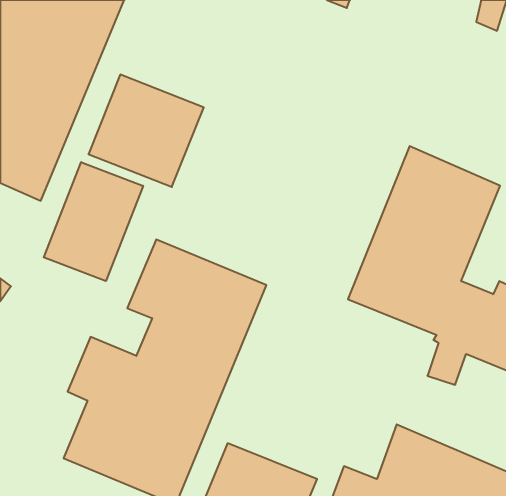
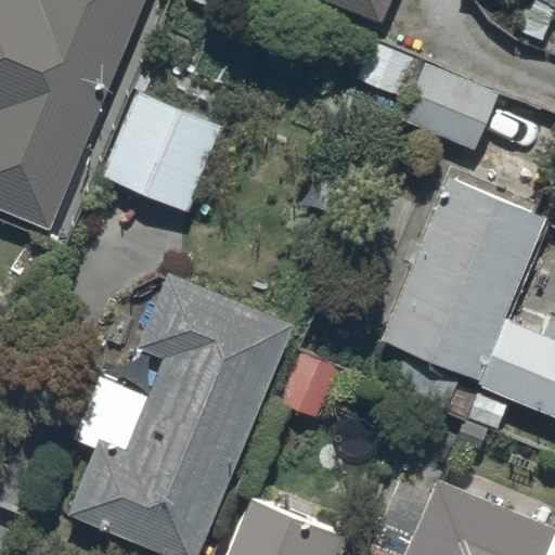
building: none -> [360,44,499,153]
building: [44,162,143,281] -> none

